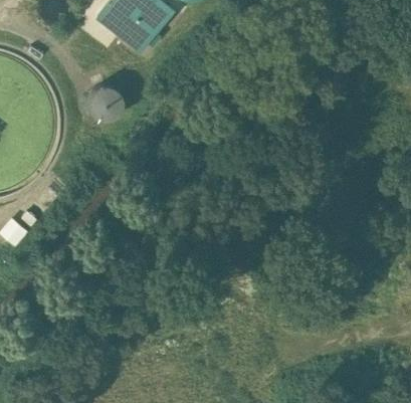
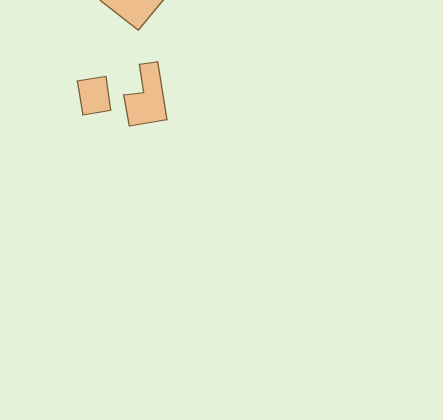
building: none -> [124,62,167,126]

